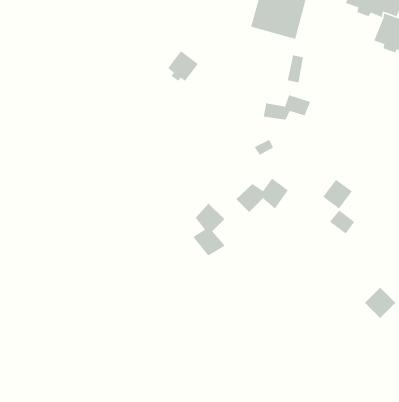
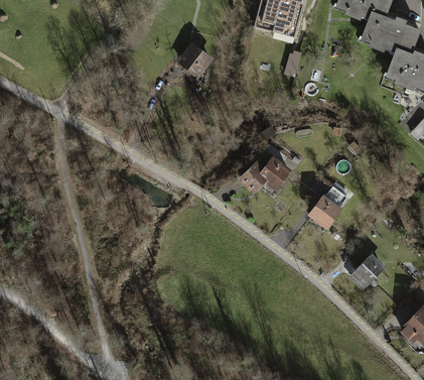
building: [263,94,311,121] -> none
building: [322,179,353,209] -> [311,198,338,225]
building: [192,203,226,257] -> none

